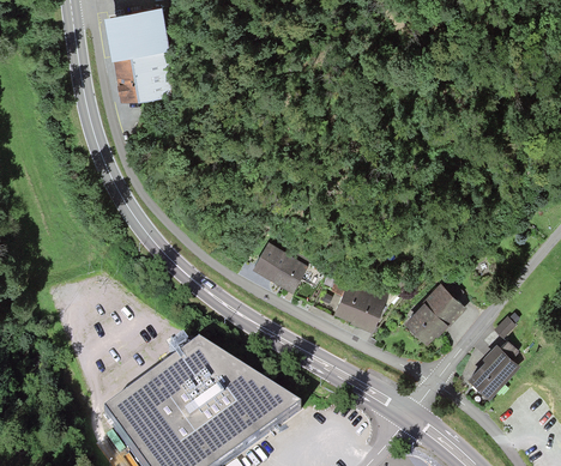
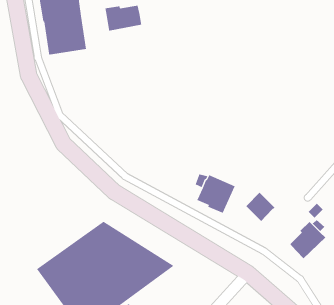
building: none -> [105,5,142,31]
building: [252,238,307,288] -> none
building: [423,279,466,322] -> none

